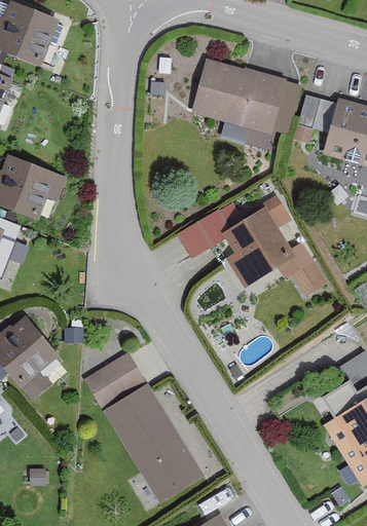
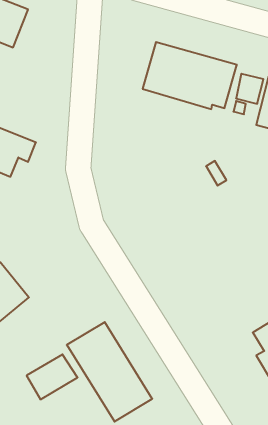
building: [178,208,325,298] -> none
building: [85,354,145,407] -> [27,354,78,399]

